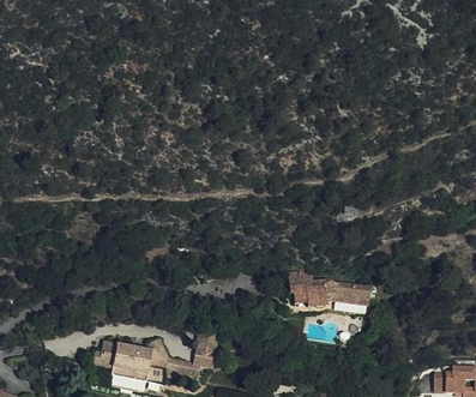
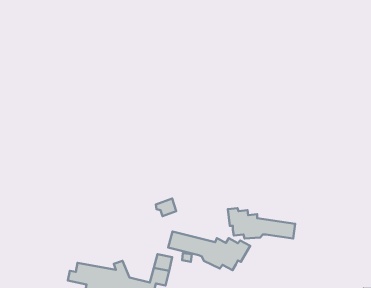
building: none -> [168,232,250,270]

